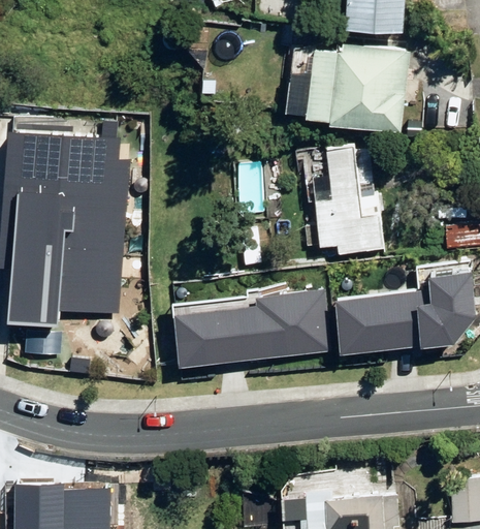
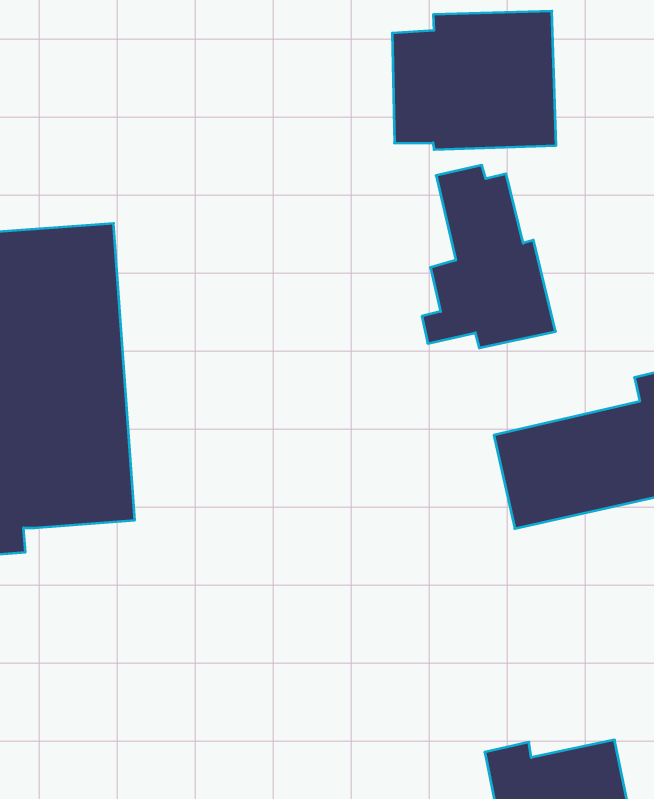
building: [173,290,331,368] -> none

